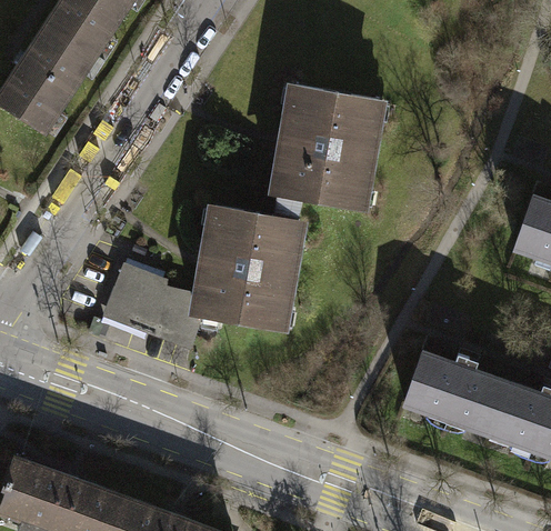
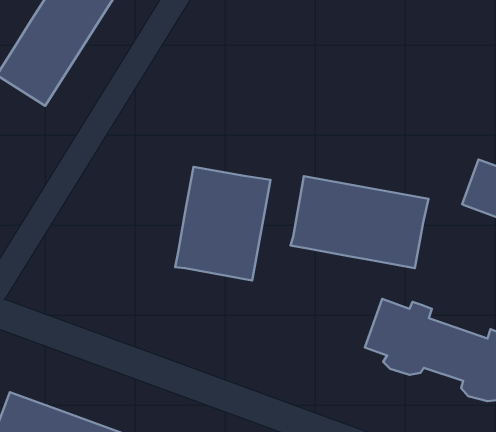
building: [269,84,375,220] -> none
building: none -> [290,176,428,268]
building: [108,268,204,345] -> none

